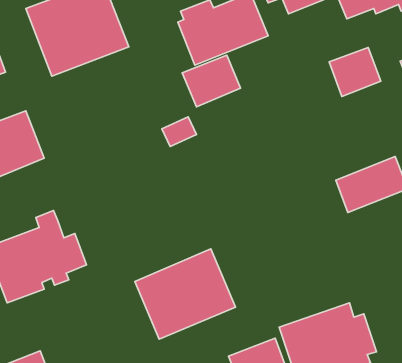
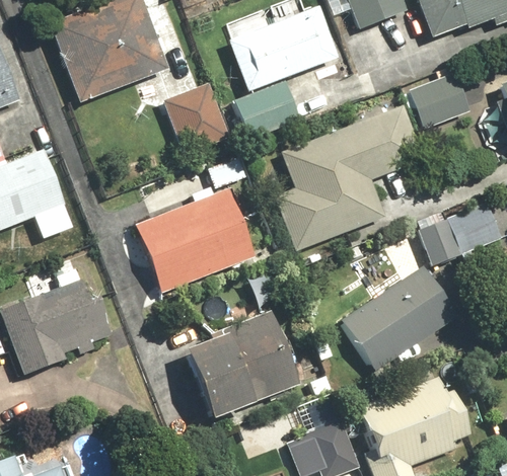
building: none -> [162,83,230,154]
building: none -> [274,105,424,251]
building: none -> [135,189,254,292]
building: none -> [340,264,458,373]

